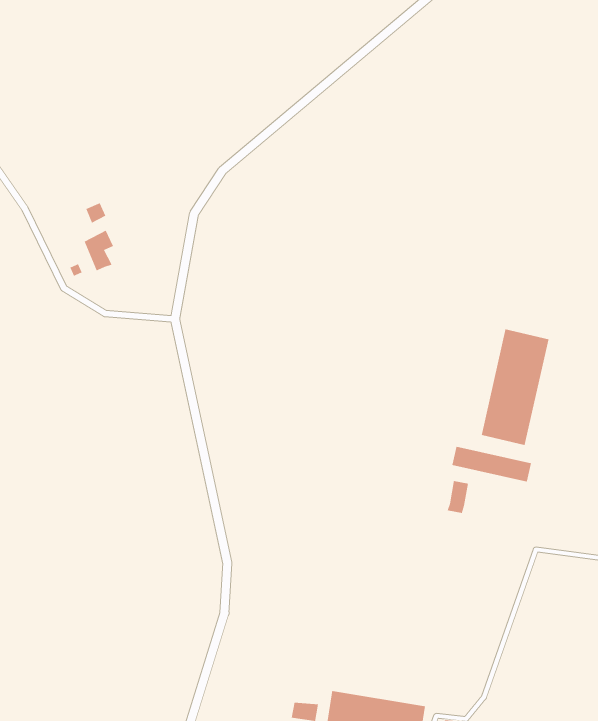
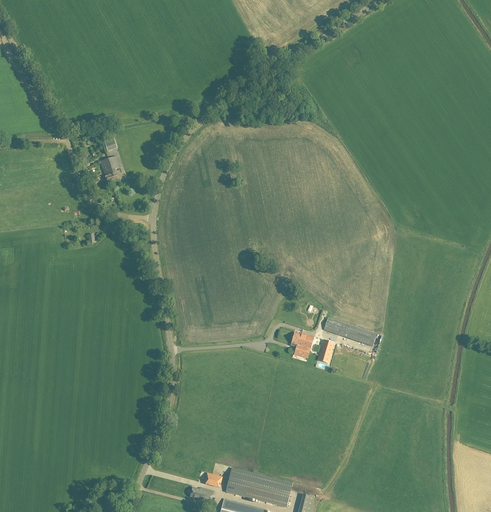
building: [481,329,549,446] -> none
building: none -> [291,333,313,358]

